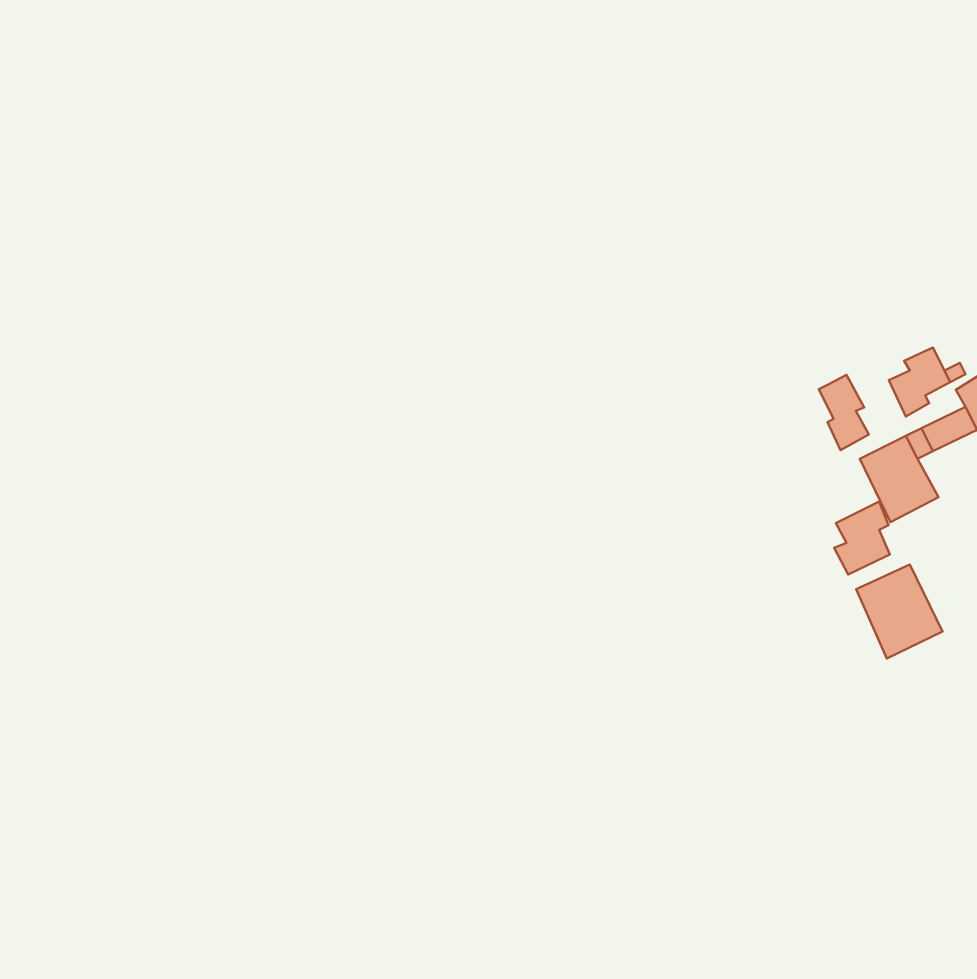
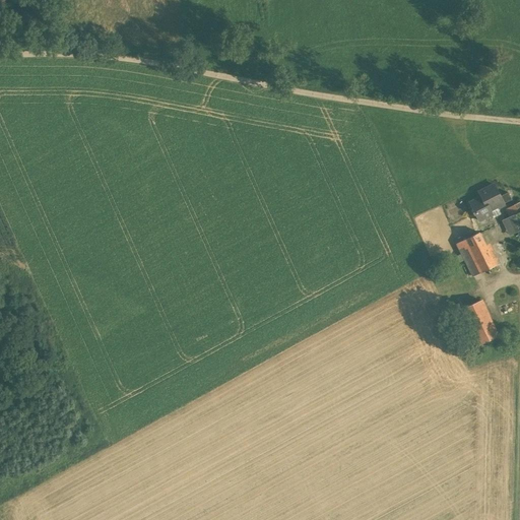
building: [819,375,869,450] -> none
building: [834,502,890,575] -> none

